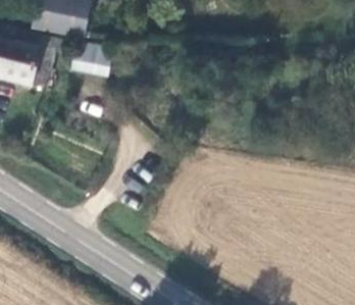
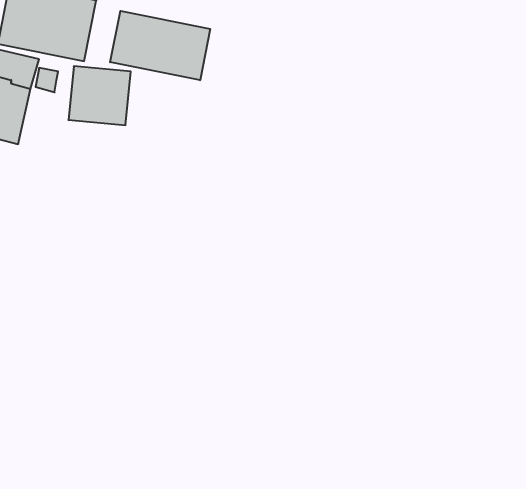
building: none -> [110,11,210,80]

